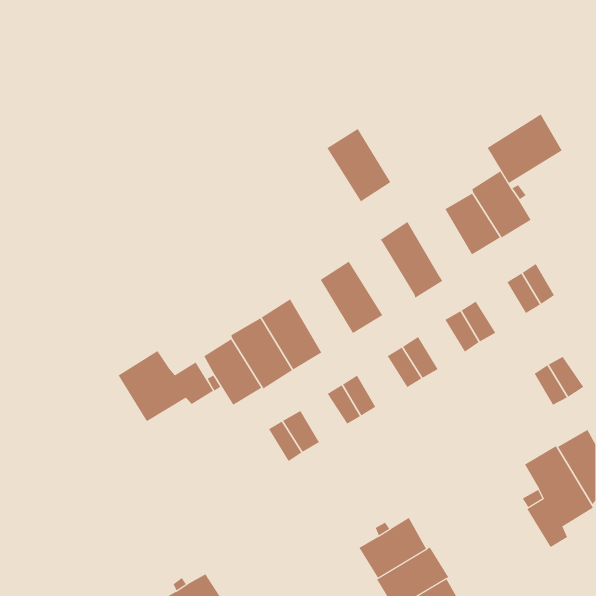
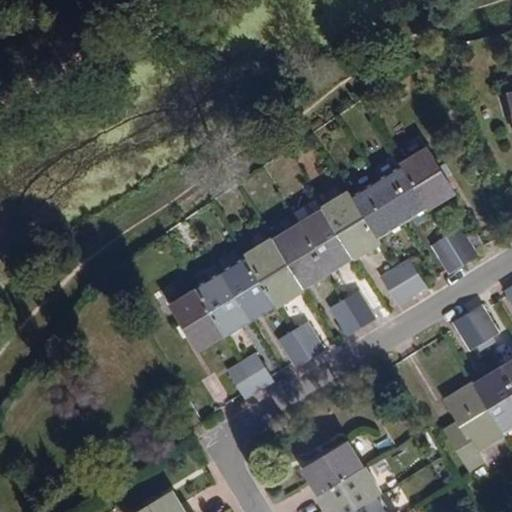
building: [487,113,562,184] -> none
building: [327,128,391,202] -> [297,209,352,272]
building: none -> [351,182,401,238]
building: none -> [246,240,301,306]
building: [118,350,214,422] -> none

